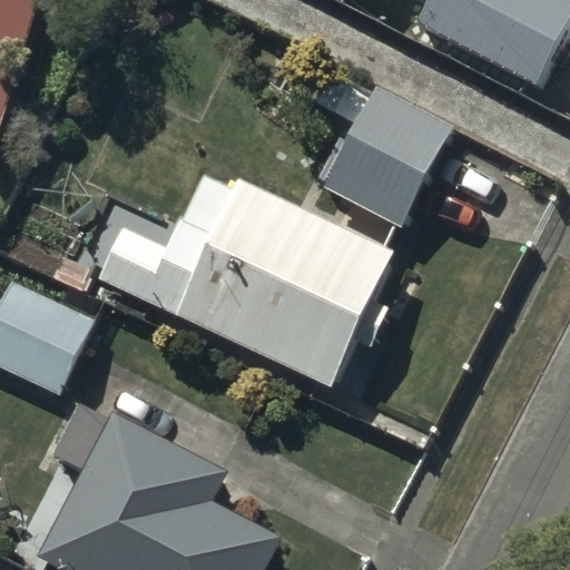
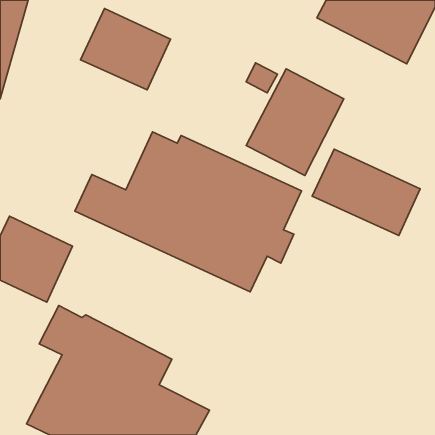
building: none -> [81,9,171,90]
building: none -> [312,149,420,235]

